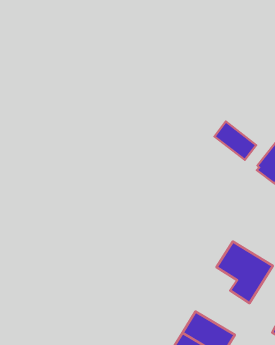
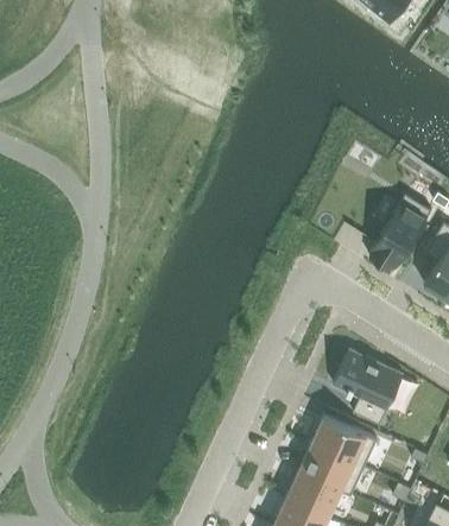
building: [215,122,256,160] -> none
building: none -> [312,416,377,465]

